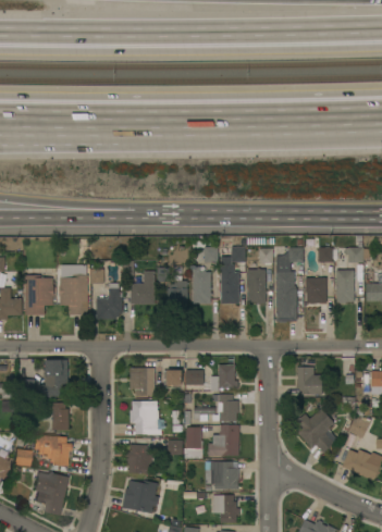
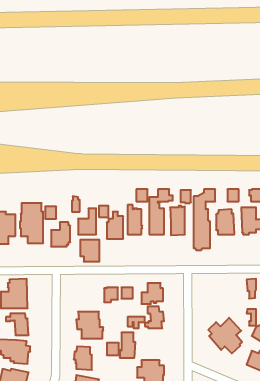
building: [294,367,322,394] -> none
building: [130,368,153,395] -> [80,240,99,262]
building: [208,424,238,456] -> none

